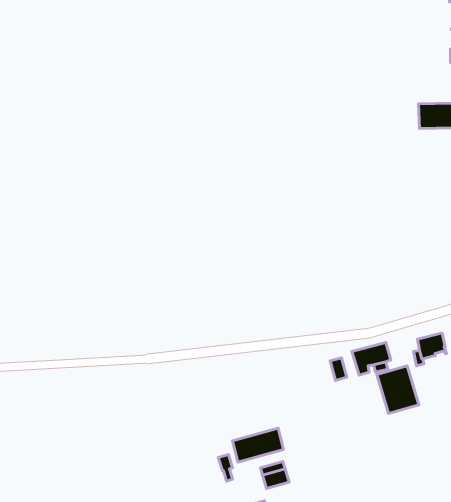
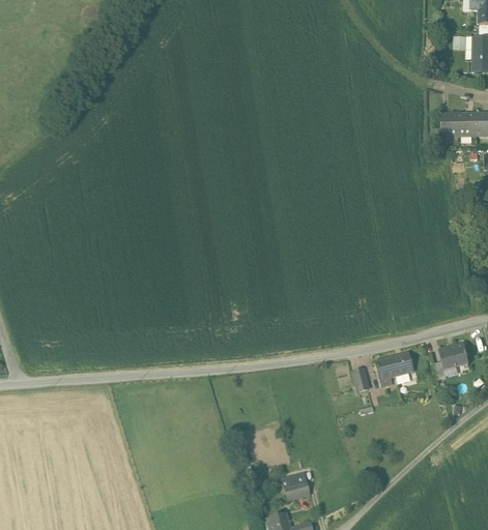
building: [377,366,419,414] -> none
building: [232,428,284,462] -> none

